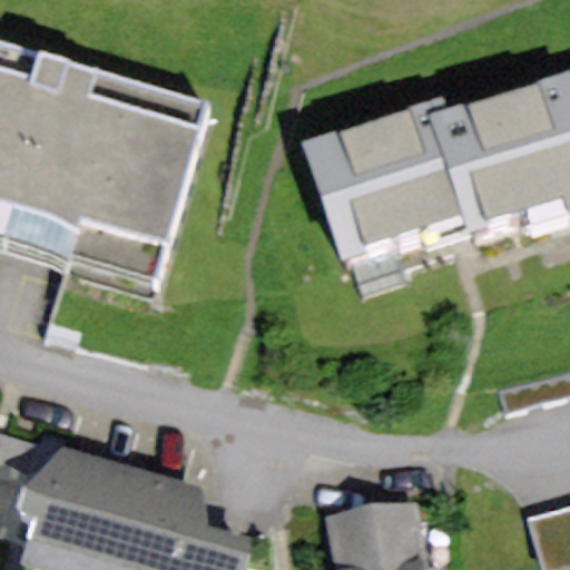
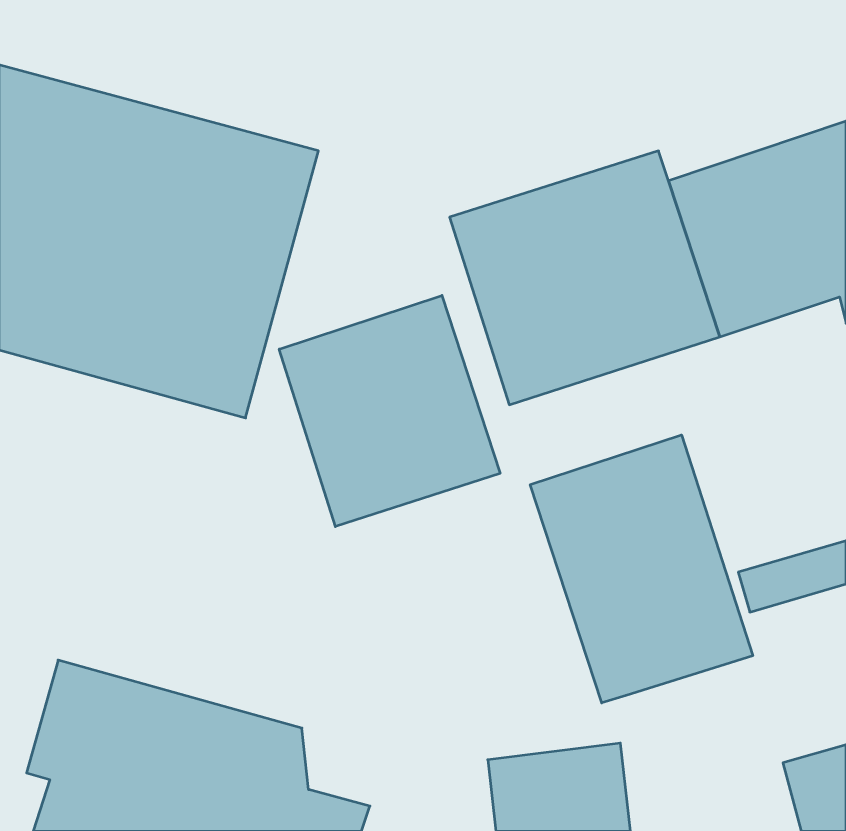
building: none -> [279,295,500,527]
building: none -> [530,435,753,703]

